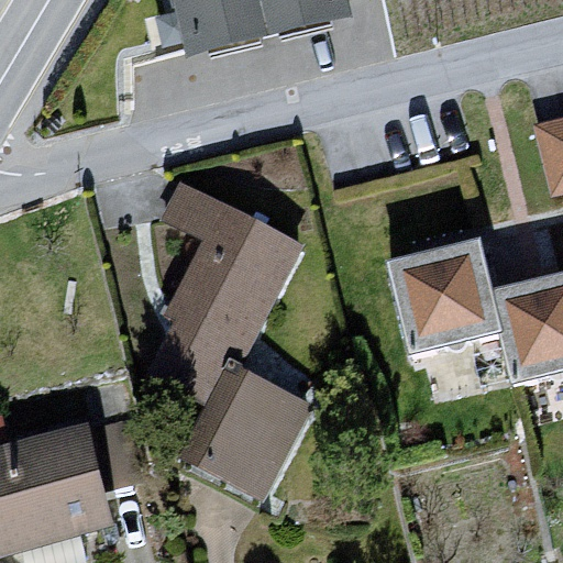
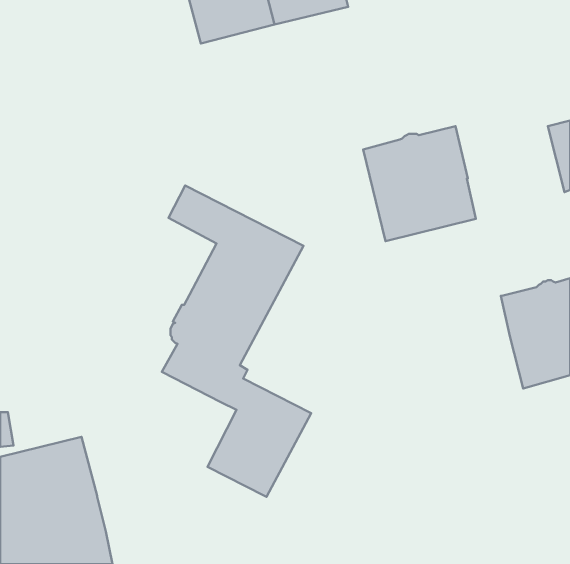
building: [391,240,503,353] -> [363,126,476,241]

